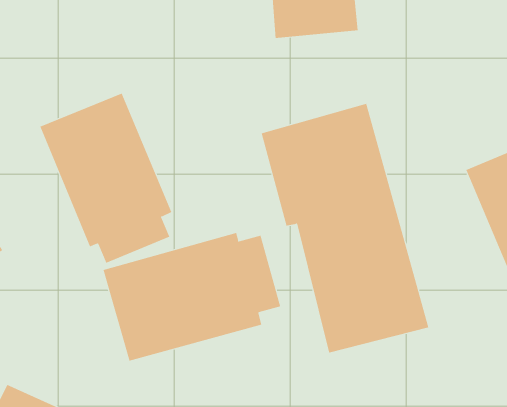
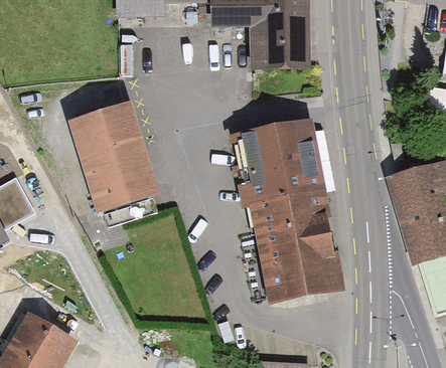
building: [103,232,281,362] -> none

